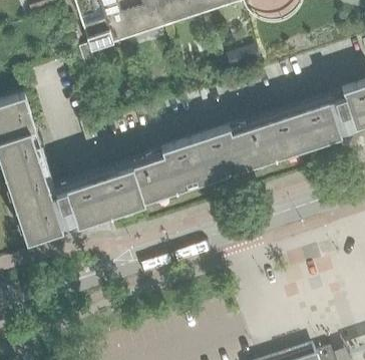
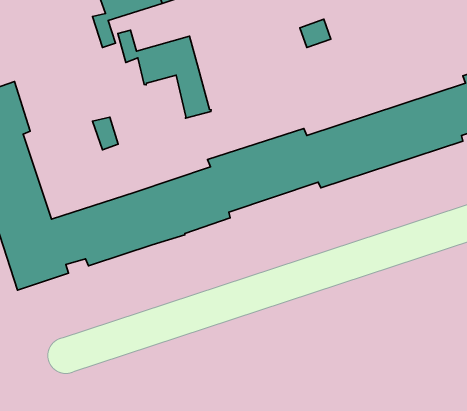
building: none -> [118,30,211,118]

